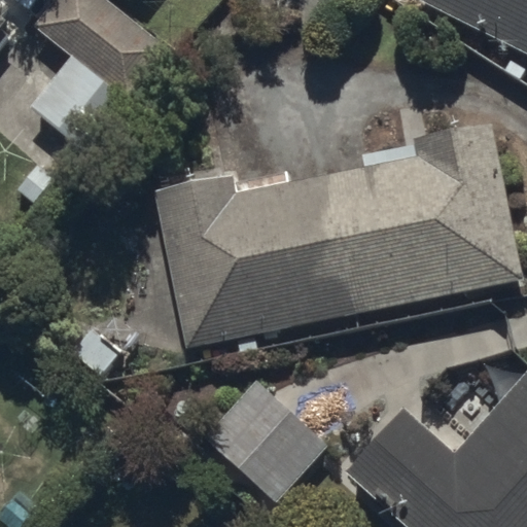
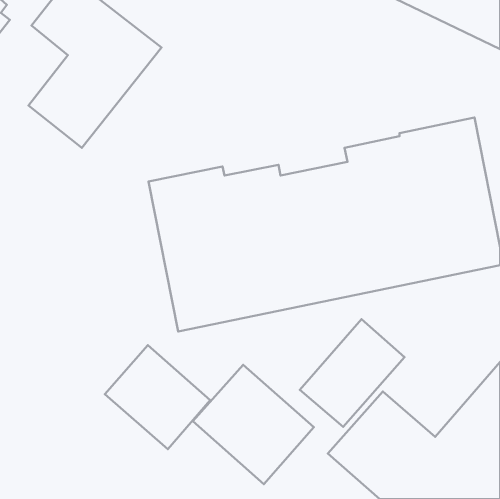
building: none -> [300,319,405,427]
building: none -> [105,345,210,449]

